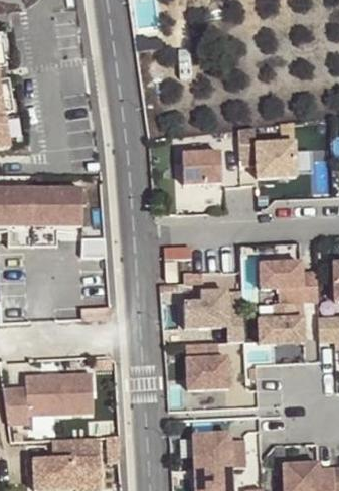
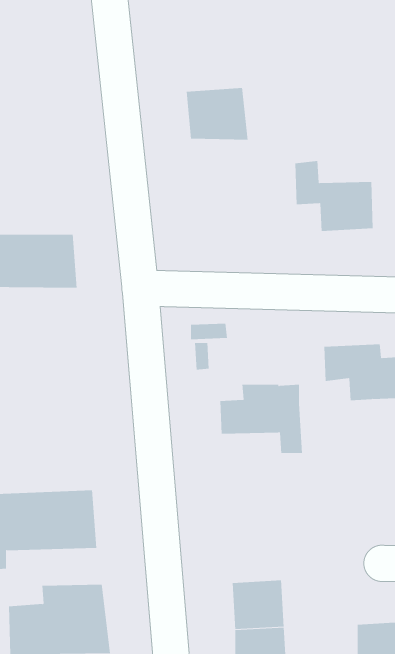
building: [176,146,221,184] -> [186,87,248,140]
building: [259,305,305,347] -> none
building: [186,345,229,392] -> none

